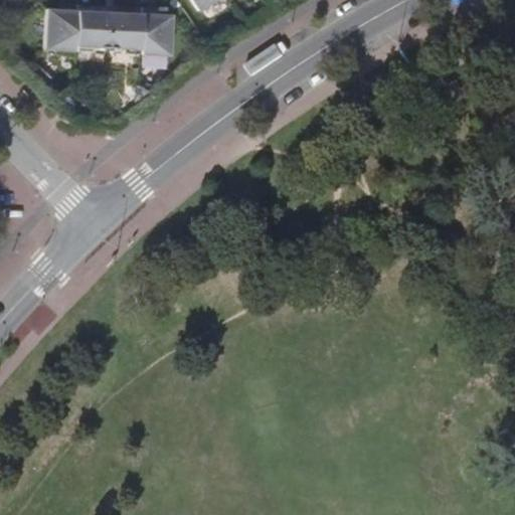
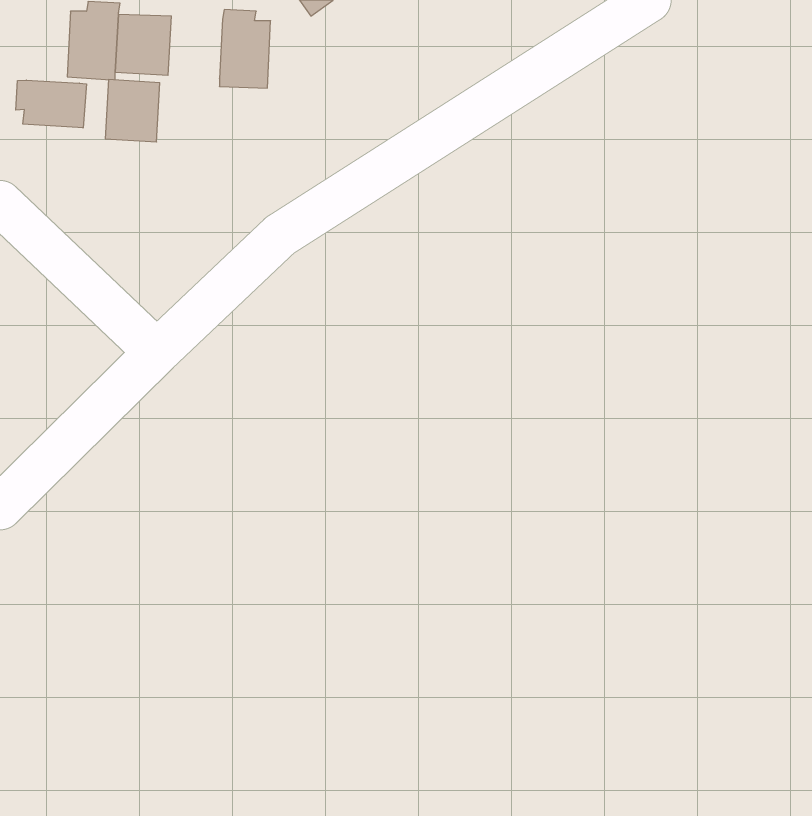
building: [110,11,144,50] -> [105,80,160,142]
building: none -> [16,80,86,128]

